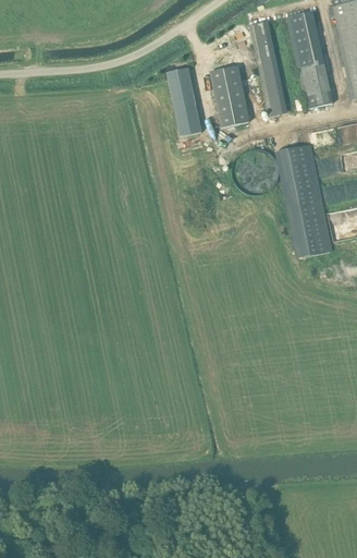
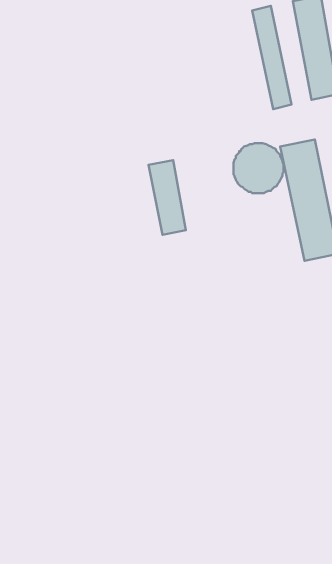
building: [209,64,249,126] -> none
building: [164,65,199,135] -> [149,160,186,235]

